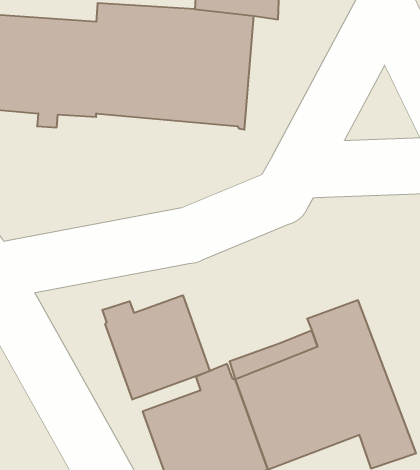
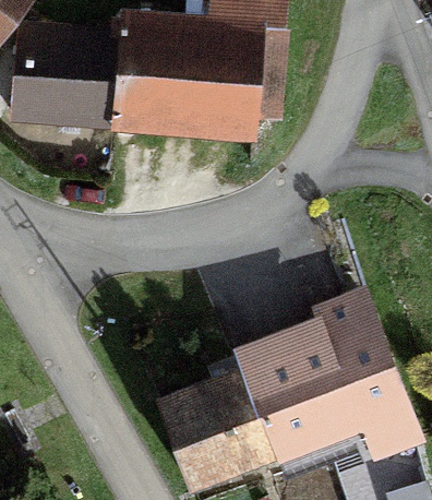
building: [102,295,210,400] -> none

